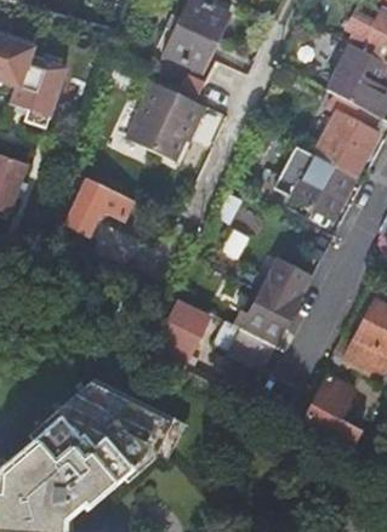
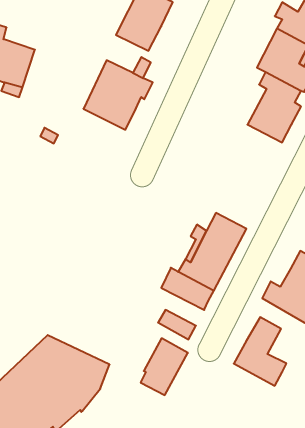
building: [292,154,355,217] -> none
building: [67,177,133,234] -> none
building: [155,301,210,366] -> [141,338,188,395]

